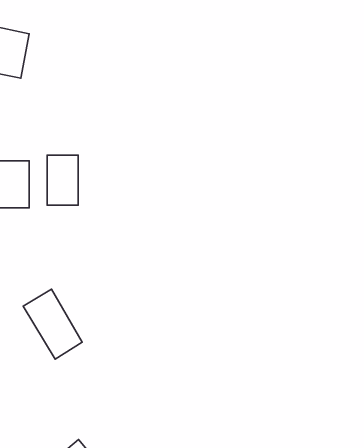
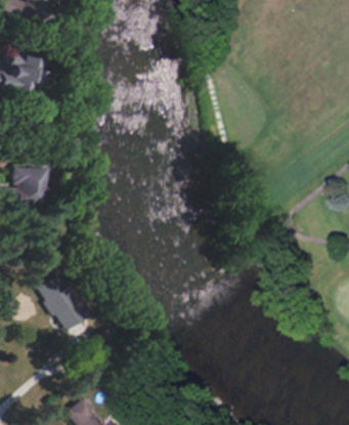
building: [47,155,78,205] -> none

